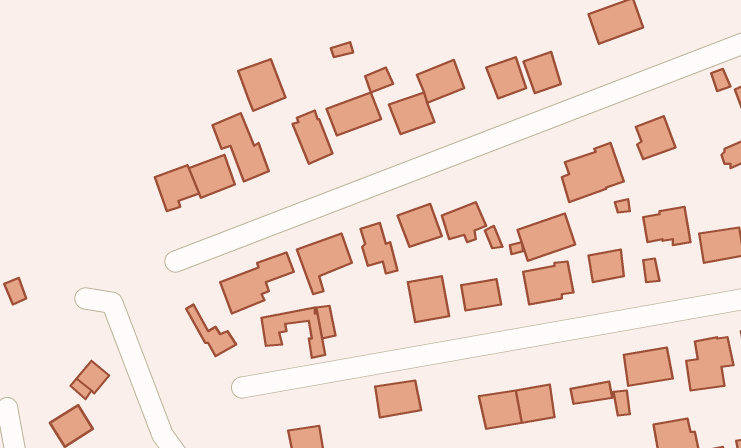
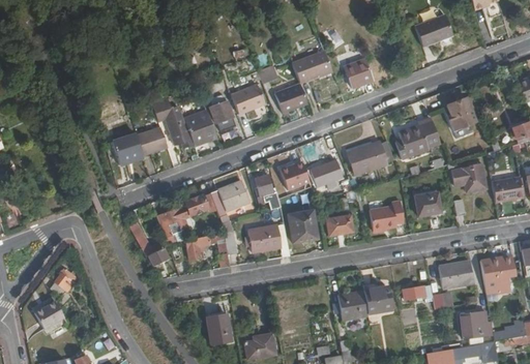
building: [524,52,561,93] -> none
building: [238,59,286,111] -> [183,110,216,146]
building: [518,213,575,261] -> [348,141,388,174]
building: [375,381,421,418] -> [248,225,281,251]

